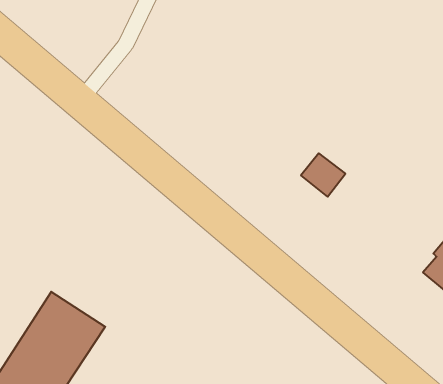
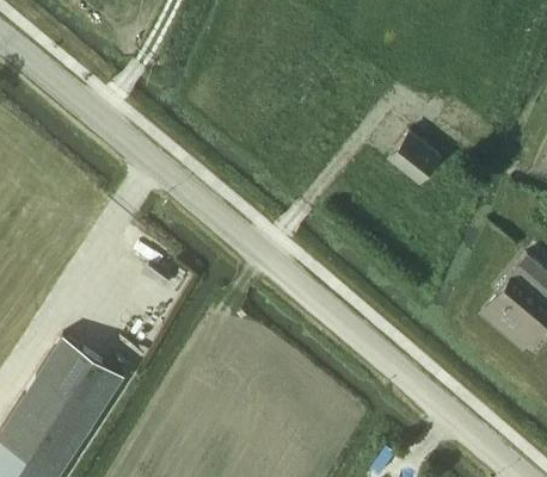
building: [301,153,345,197] -> [391,135,441,184]

